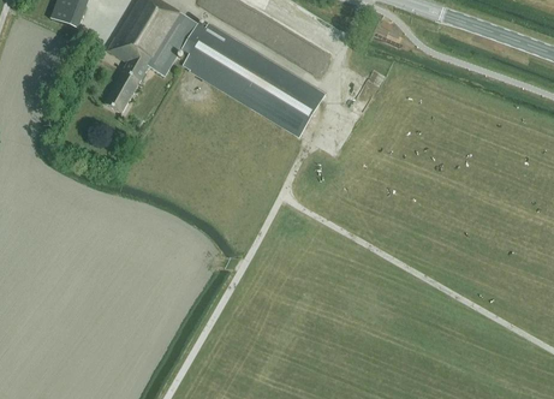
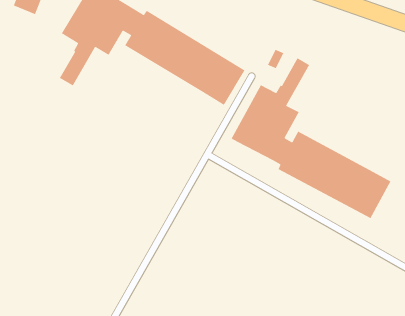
building: none -> [231,57,392,219]

